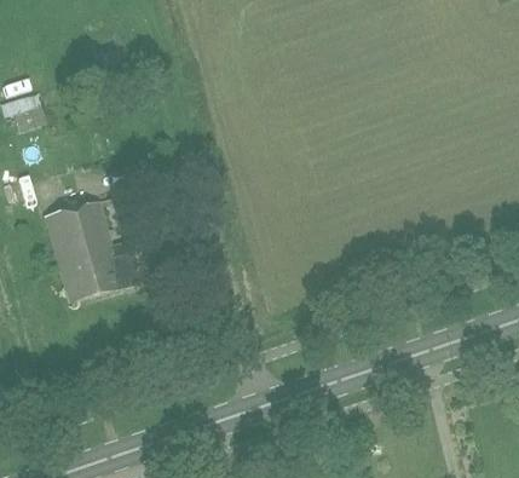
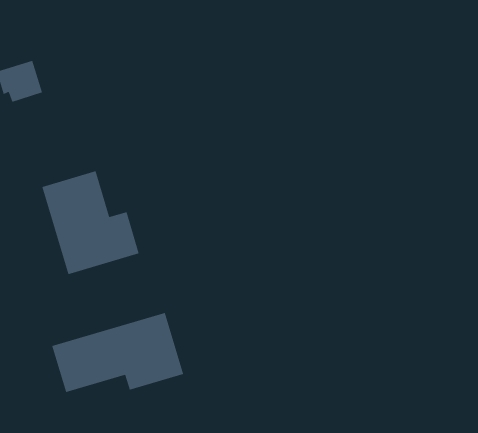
building: none -> [52,312,184,393]

